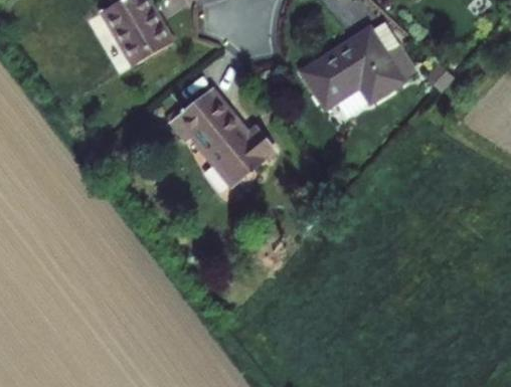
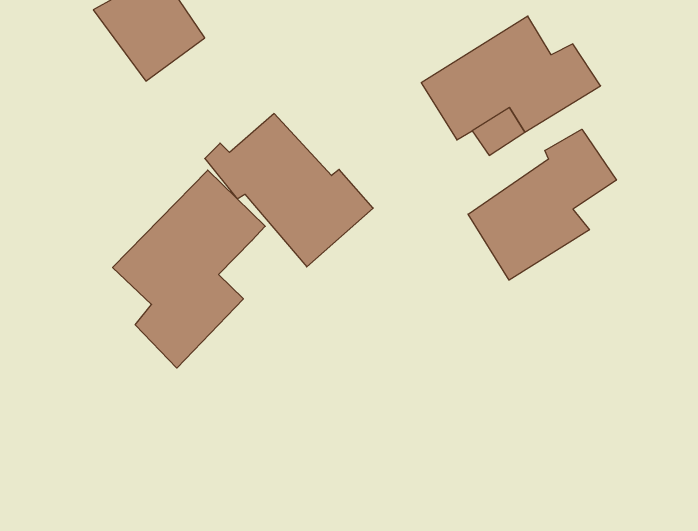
building: none -> [468,129,616,280]
building: none -> [113,170,265,368]

